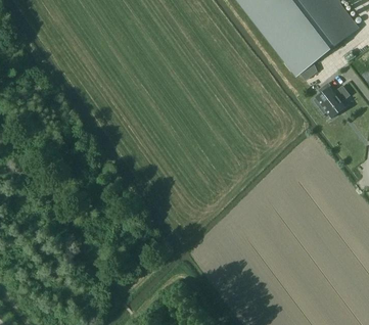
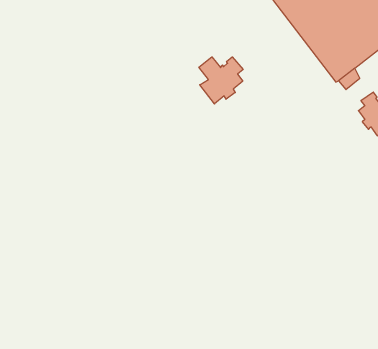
building: none -> [199,57,243,104]

